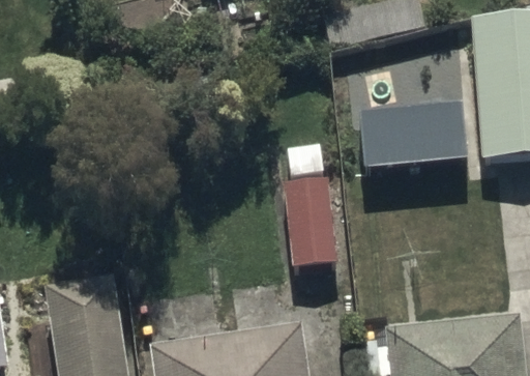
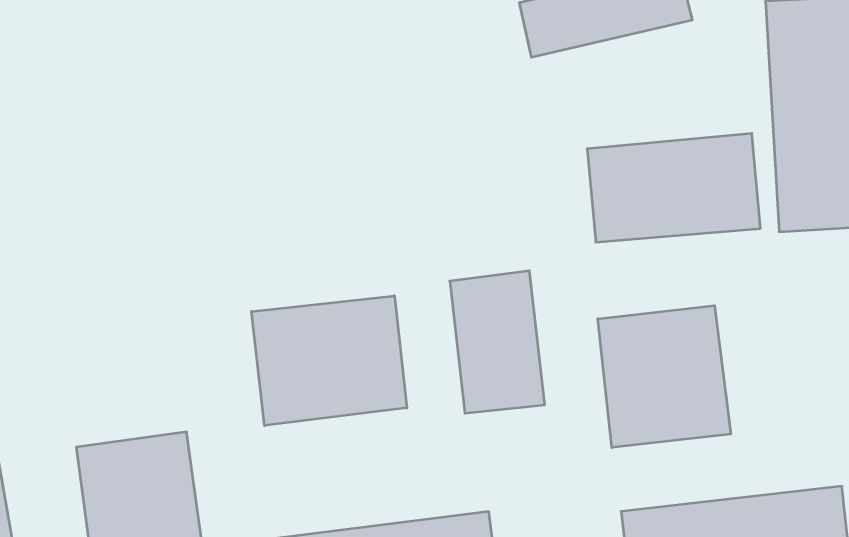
building: none -> [252,296,407,426]
building: none -> [598,306,731,448]

